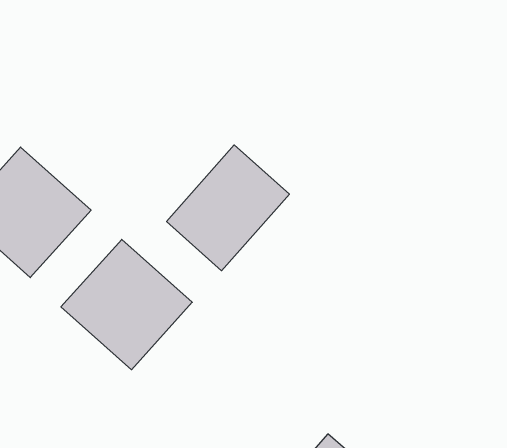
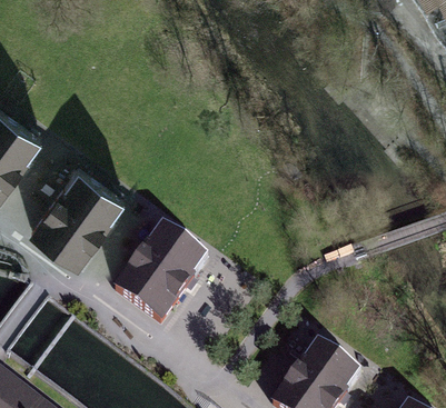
building: [167,145,289,271] -> none

